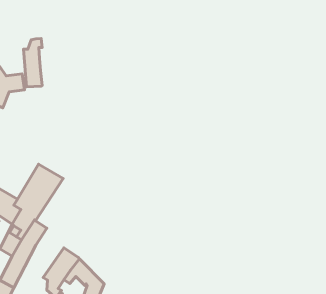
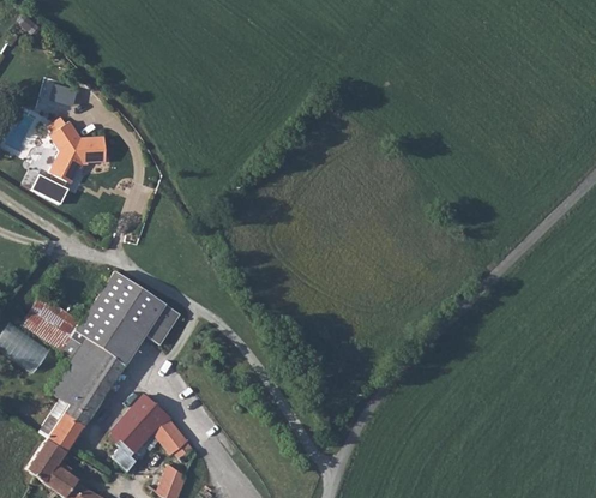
building: [23,38,42,87] -> none
building: none -> [106,295,182,367]

